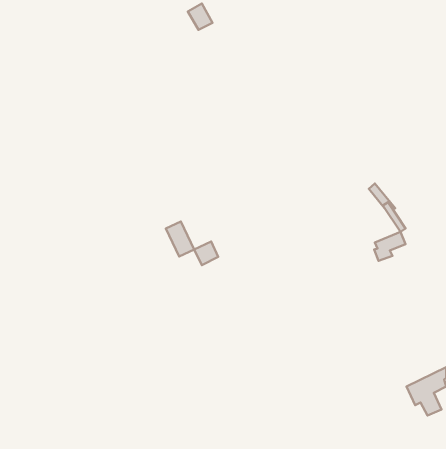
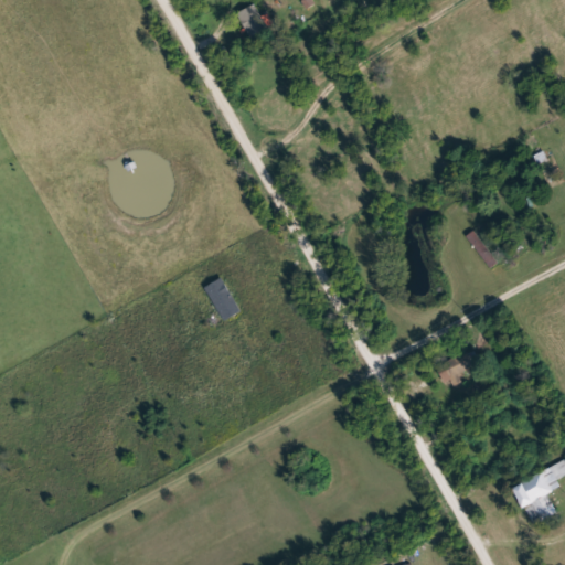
building: [374,232,406,261] -> [437,351,477,387]
building: [194,242,218,265] -> none

